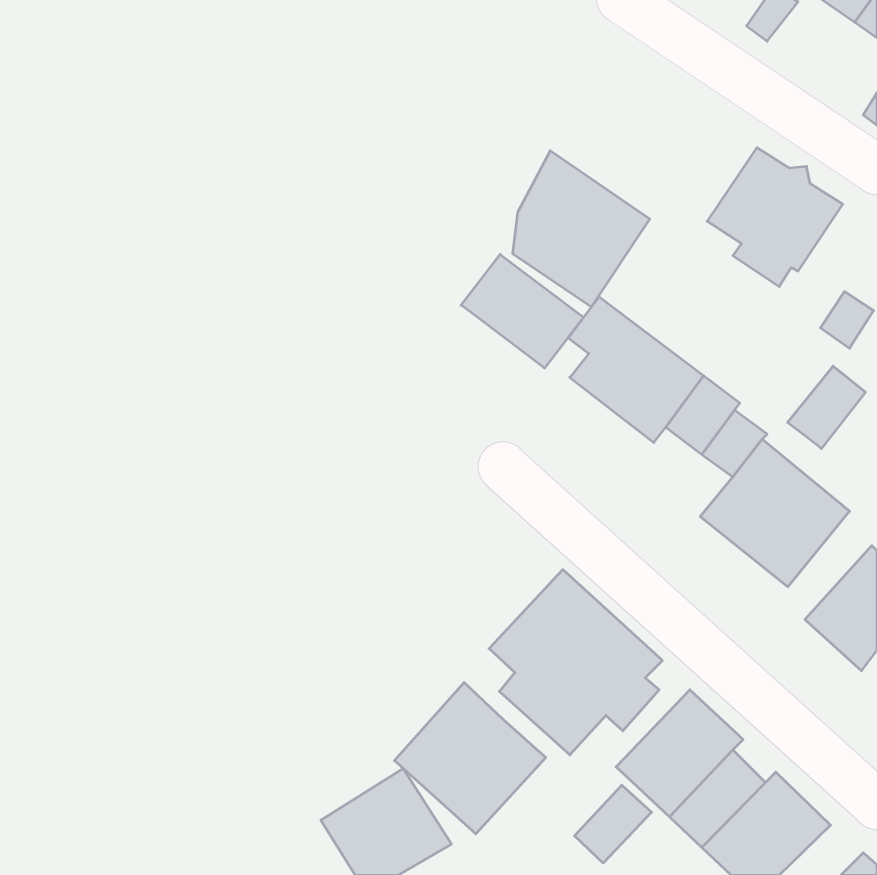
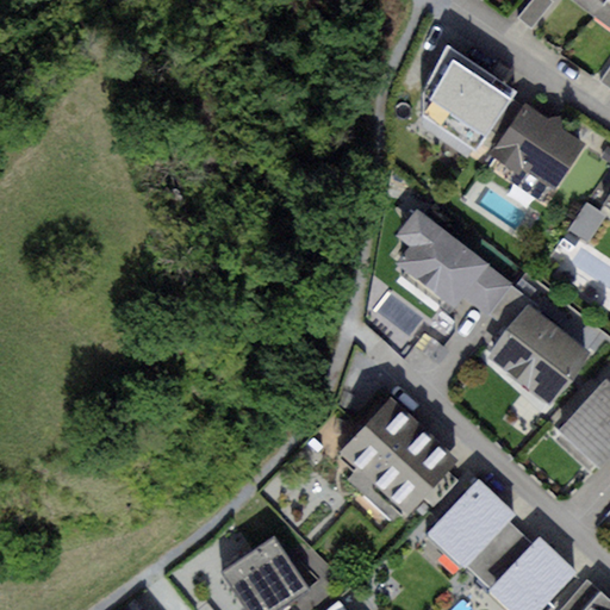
building: [513,151,650,307] -> [421,43,516,151]
building: [461,254,584,368] -> none
building: [788,366,865,449] -> none
building: [394,682,546,834] -> none
building: [575,785,652,863] -> none

